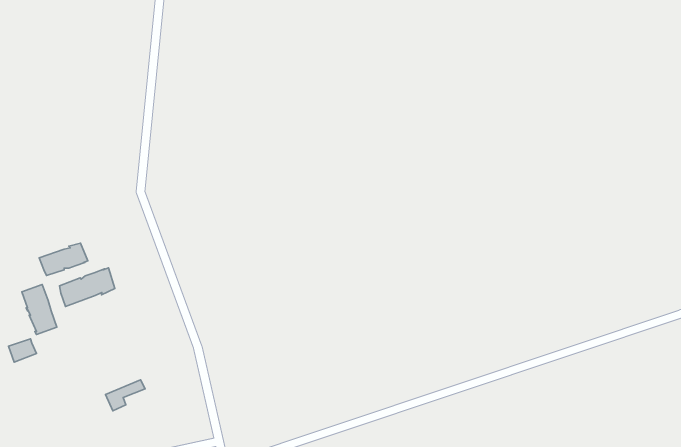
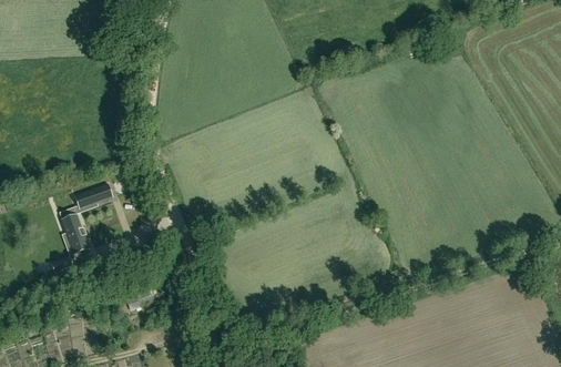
building: [59,268,115,306] -> none

